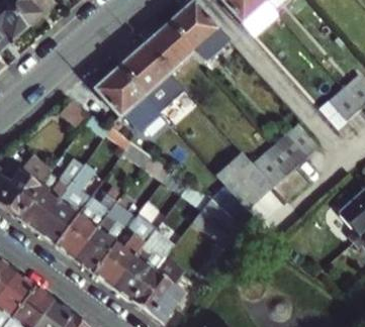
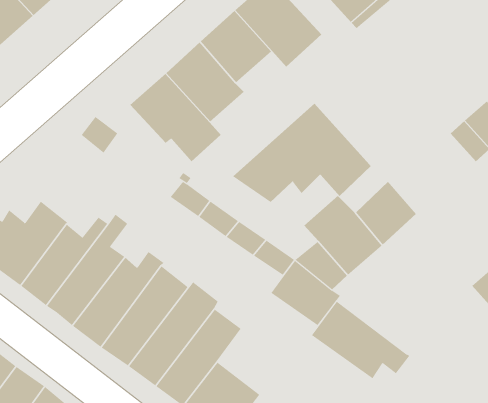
building: none -> [232,103,372,203]
building: [276,120,321,165] -> none
building: none -> [311,301,410,379]

